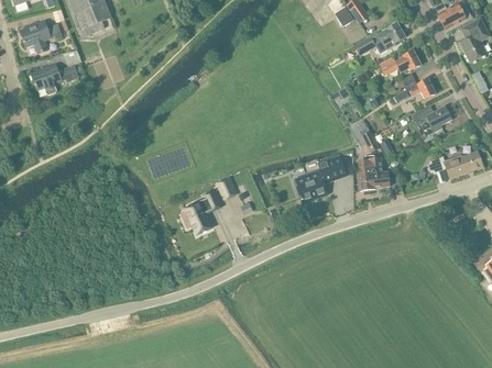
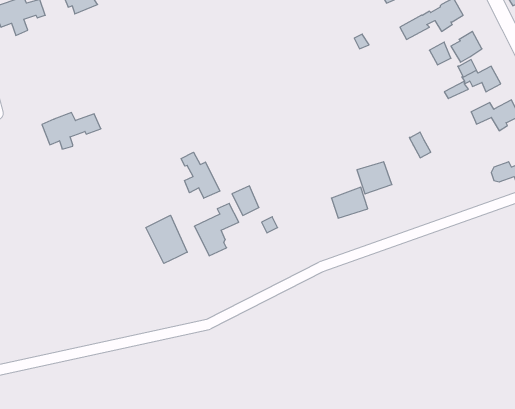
building: [31,64,79,93] -> [42,113,101,149]
building: none -> [181,152,220,198]
building: [359,155,390,190] -> none
building: none -> [146,215,187,263]

